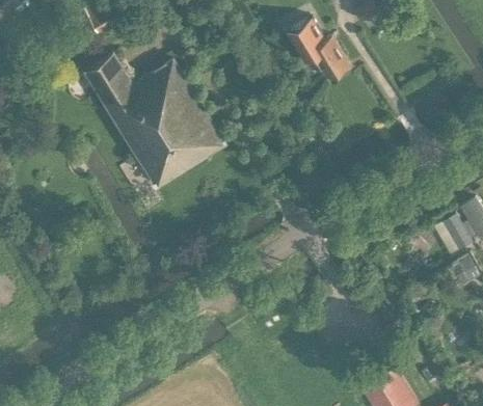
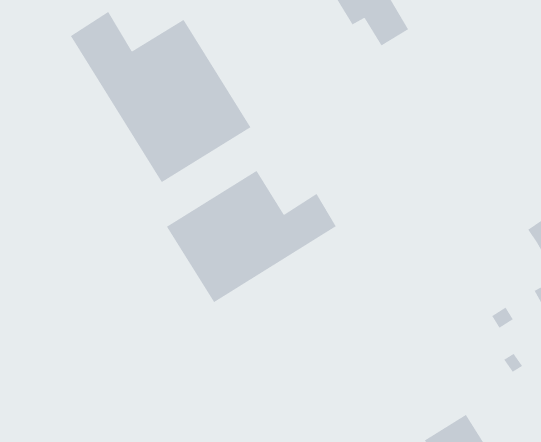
building: none -> [166,170,337,303]

